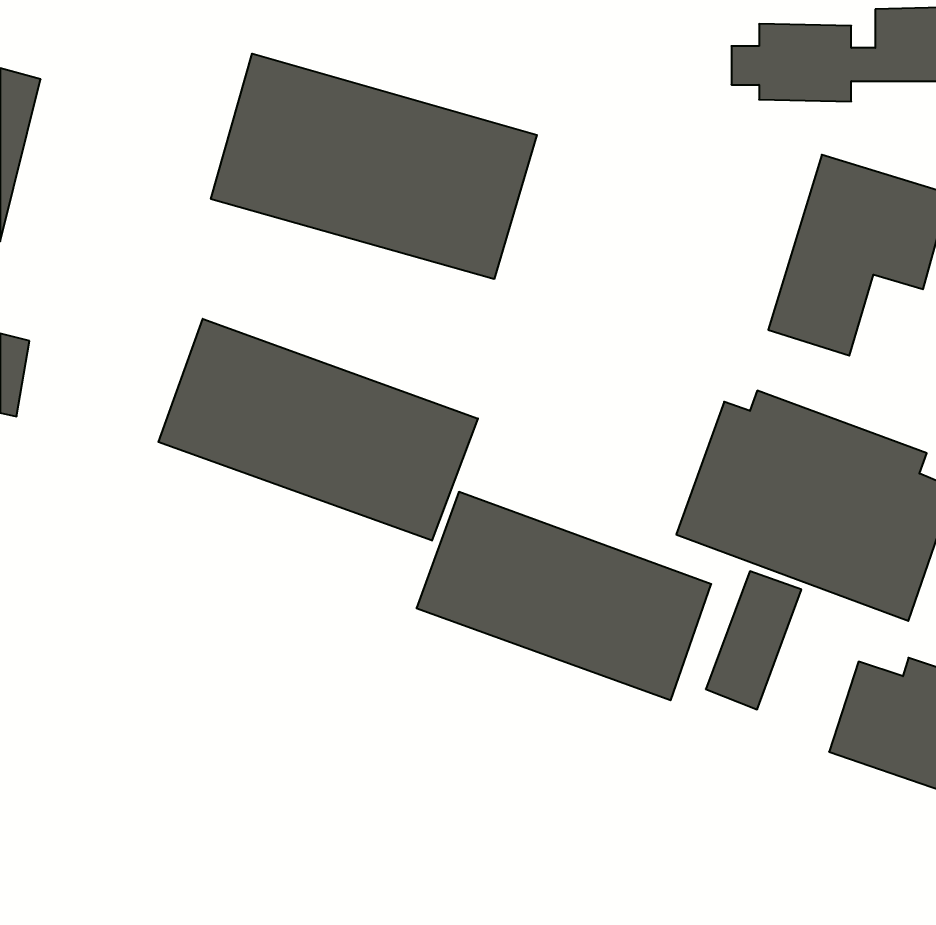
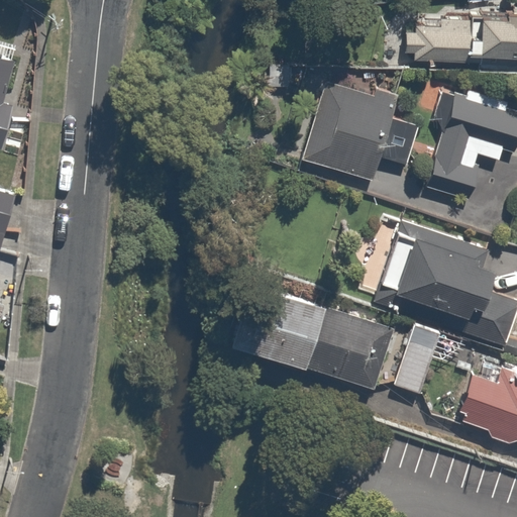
building: [211,54,537,279] -> none
building: none -> [303,84,417,182]
building: [158,319,478,541] -> none

